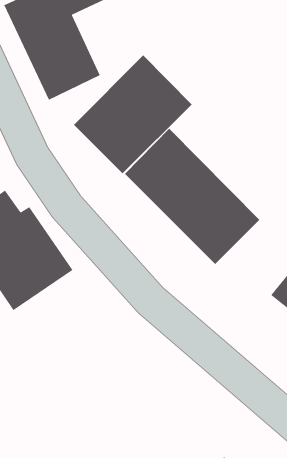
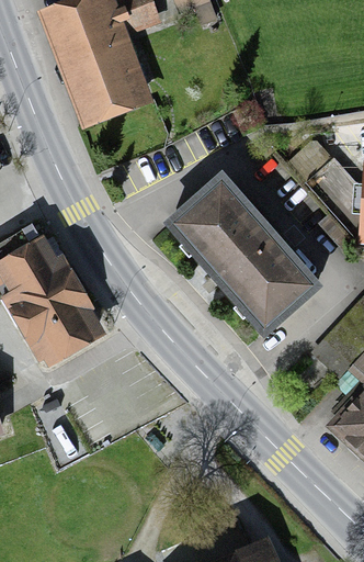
building: [73,54,192,174] -> none

